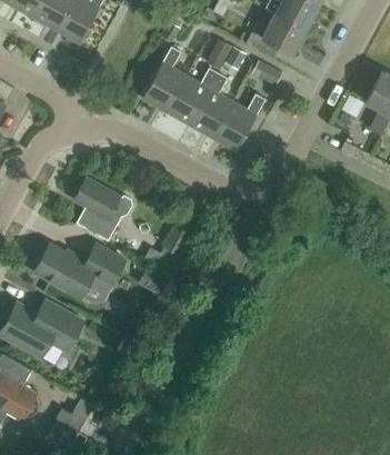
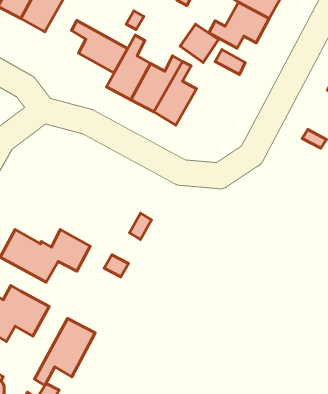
building: none -> [71,20,128,73]
building: [211,95,264,151] -> none
building: [73,178,132,241] -> none
building: none -> [34,319,95,386]

